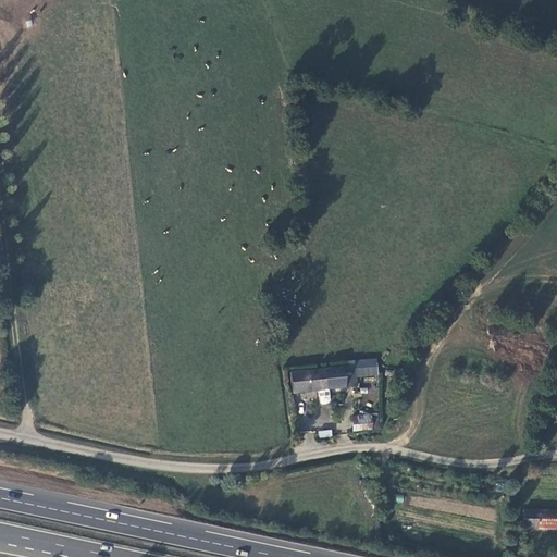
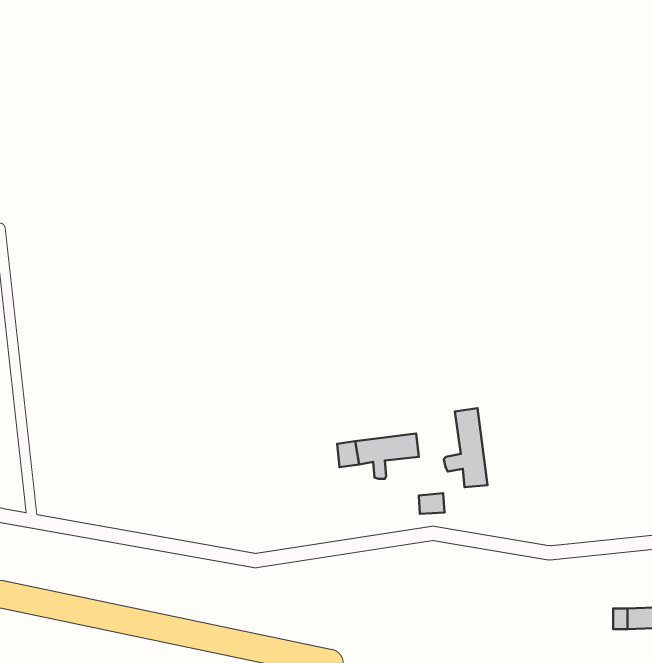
building: none -> [444,408,487,487]

